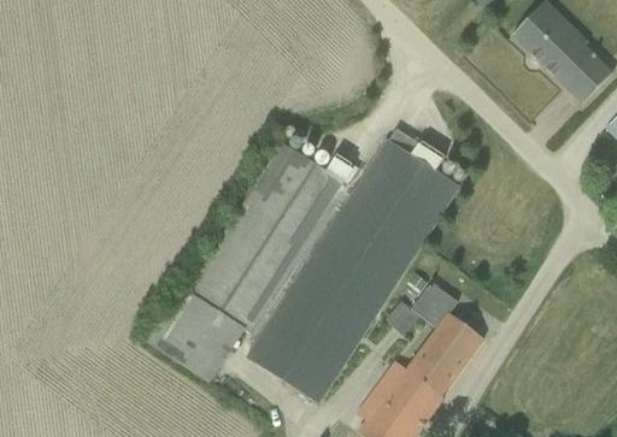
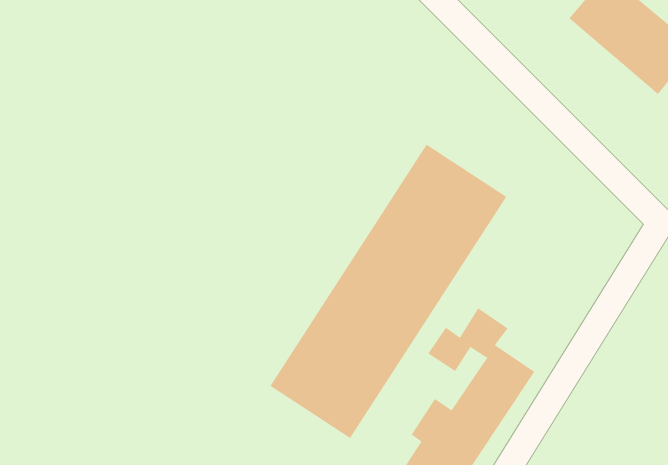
building: [152,140,351,378] -> none

